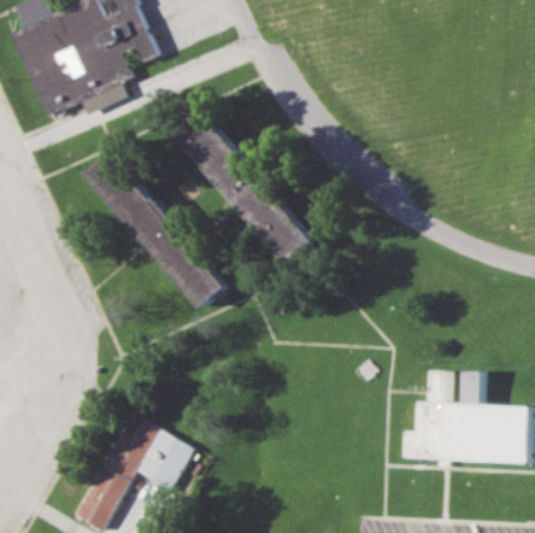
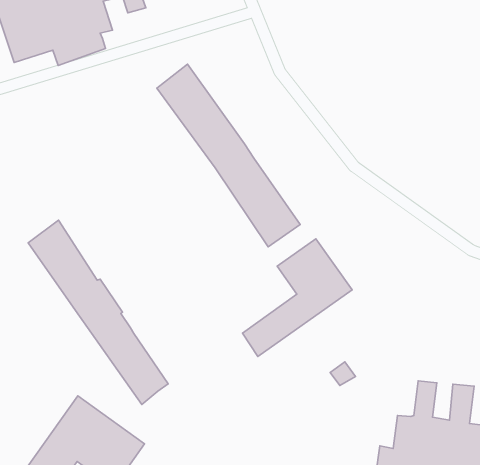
building: [86,147,223,305] -> [28,220,168,404]
building: none -> [243,239,352,356]

